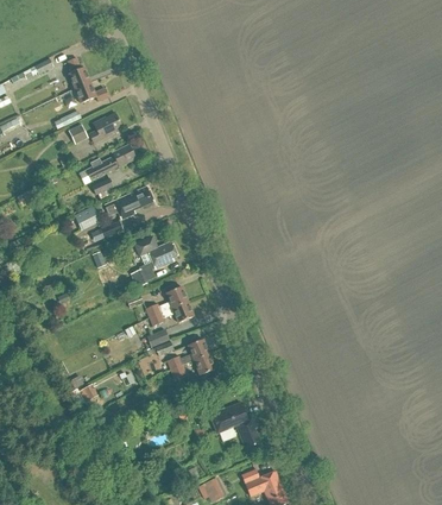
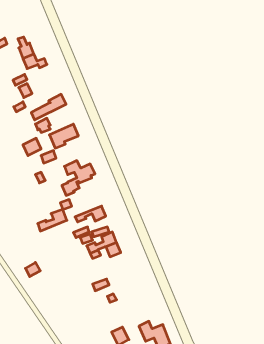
building: [89,115,121,143] -> none
building: [146,286,188,317] -> [38,209,67,231]
building: [210,406,261,452] -> none

